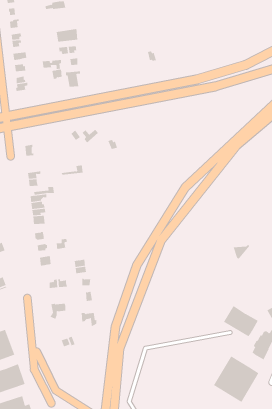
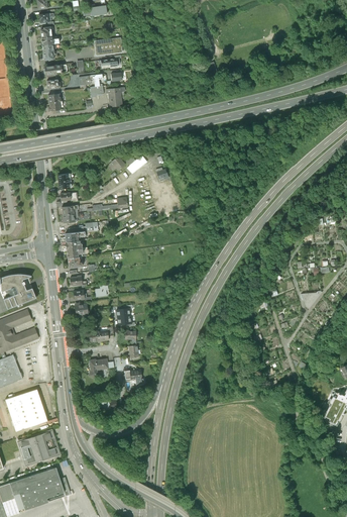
building: [223,305,258,337] -> none
building: [213,356,259,403] -> none

